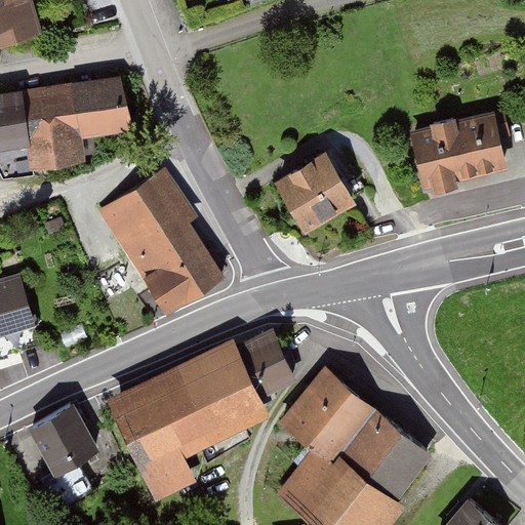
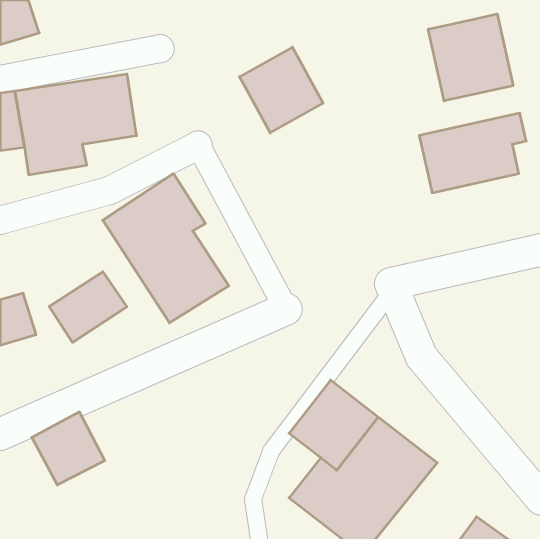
building: none -> [428,14,513,101]
building: [270,151,351,234] -> [239,47,323,133]
building: none -> [49,272,127,342]
building: [104,331,297,503] -> none

